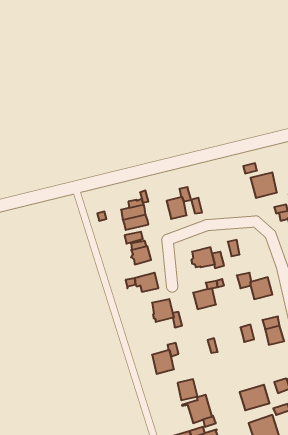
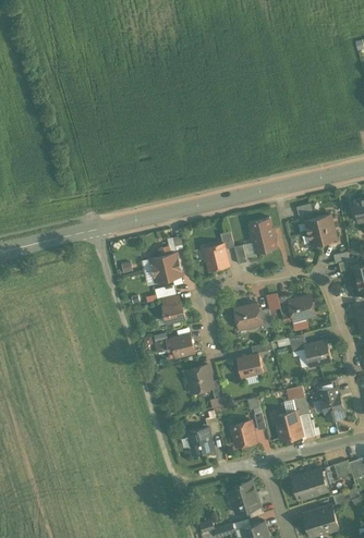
building: none -> [247,218,277,254]
building: none -> [289,296,314,320]
building: none -> [275,412,301,441]
building: [178,379,198,400] -> [231,421,255,447]

